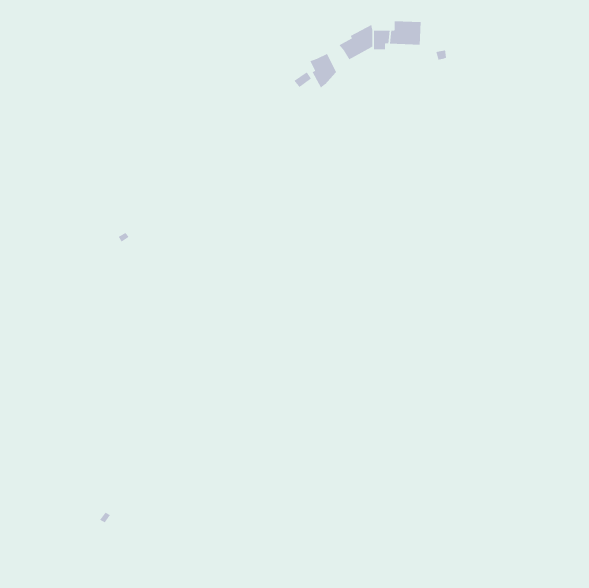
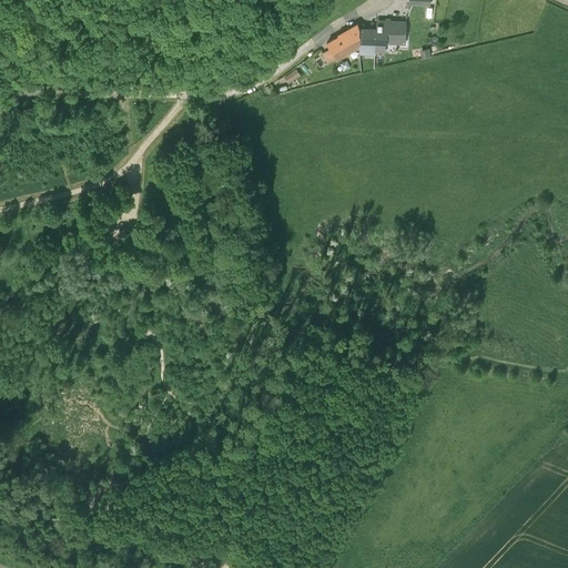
building: [309,53,339,89] -> none

